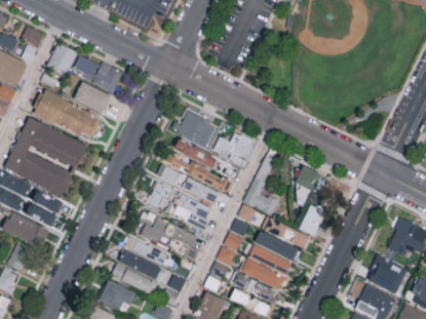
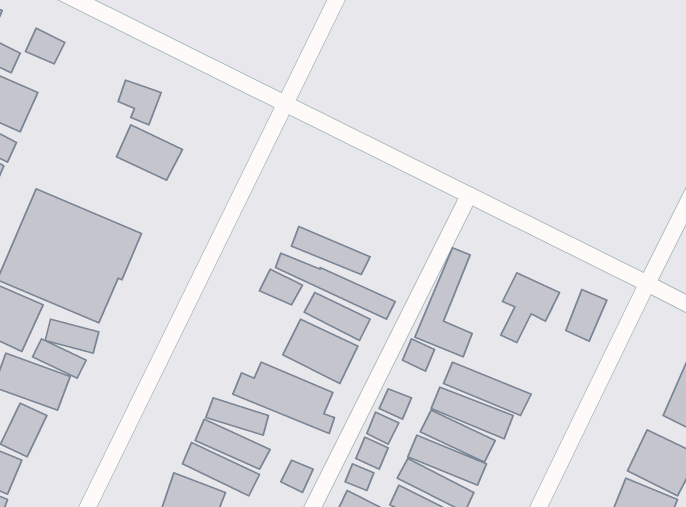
building: [46,42,77,76] -> none
building: [91,62,122,92] -> none
building: [32,89,100,136] -> none
building: [178,111,217,147] -> none
building: [212,132,255,166] -> none
building: [147,183,171,210] -> none
building: [300,205,323,235] -> [566,289,607,341]

